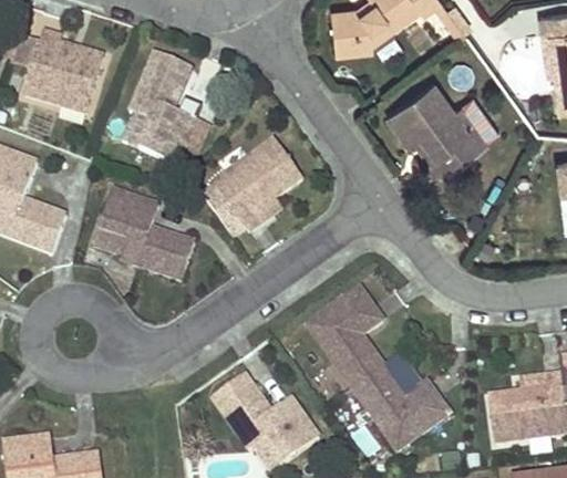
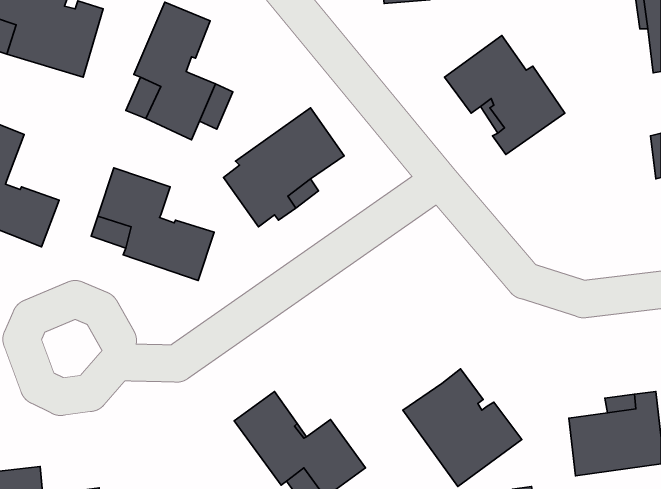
building: [307,287,383,387] -> none

